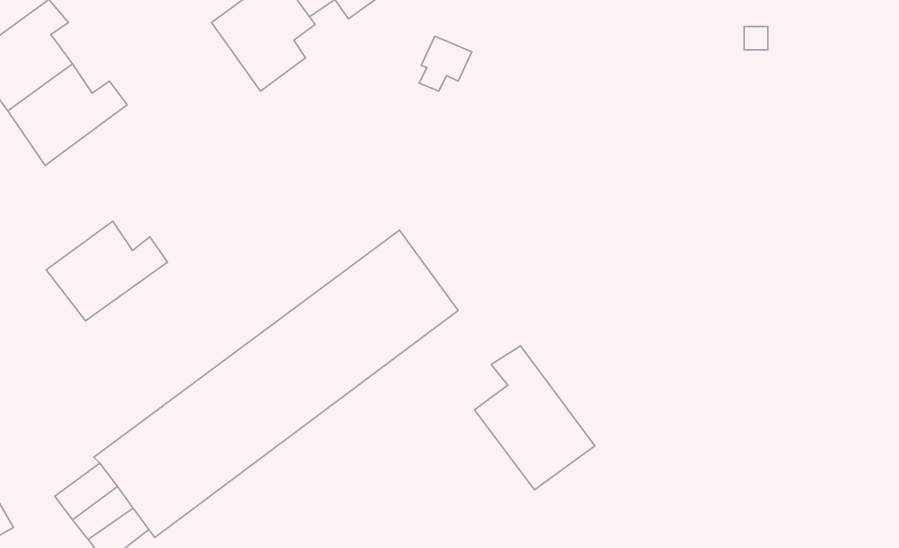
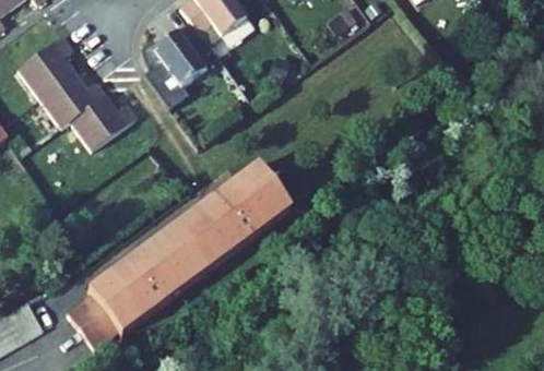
building: [46,221,168,321] -> [69,95,137,151]
building: [475,346,595,490] -> none

